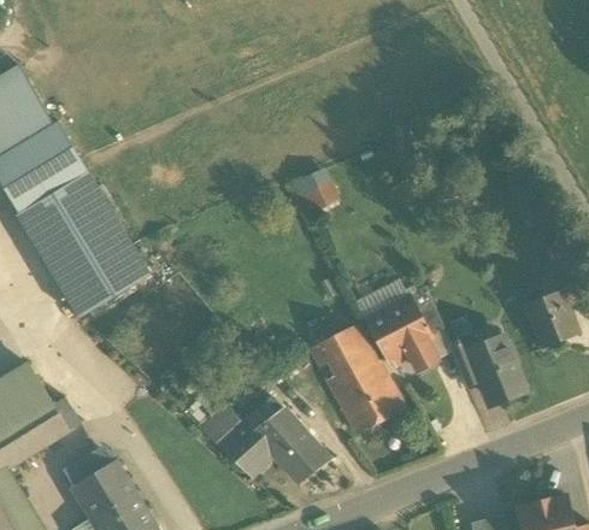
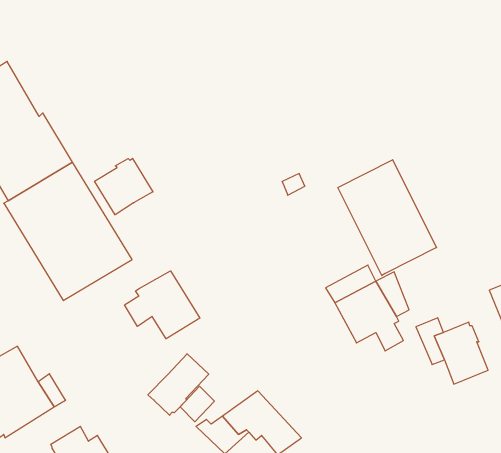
building: none -> [95,158,153,215]
building: none -> [338,160,437,276]
building: none -> [125,271,200,339]
building: [311,324,405,432] -> none
building: none -> [148,354,209,415]

